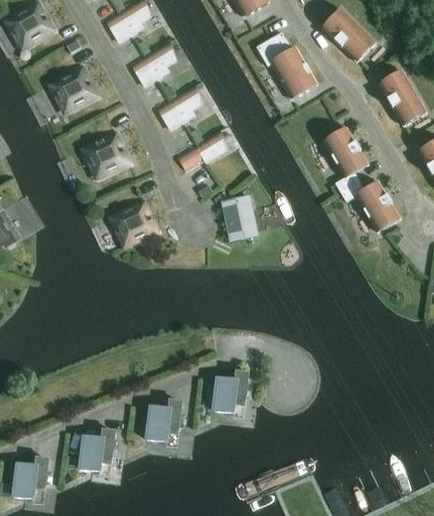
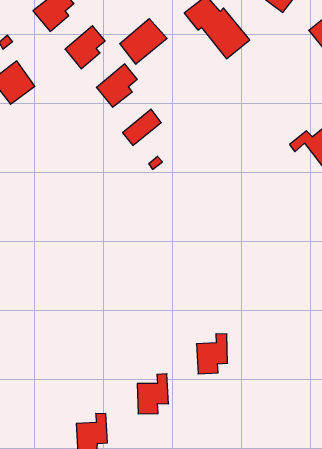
building: none -> [120,19,167,64]
building: [322,127,369,194] -> none
building: [86,133,128,174] -> none
building: [222,197,256,238] -> none
building: [114,202,155,243] -> none

